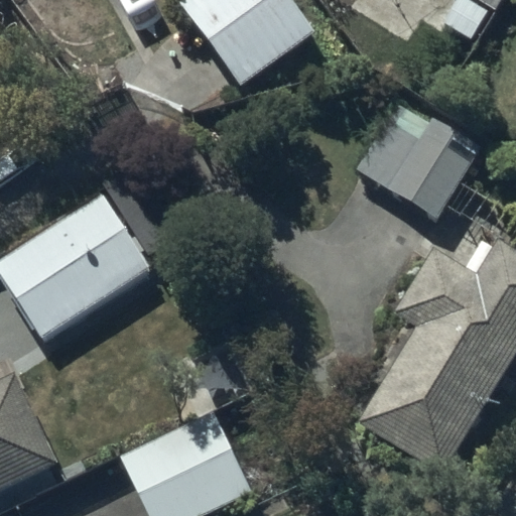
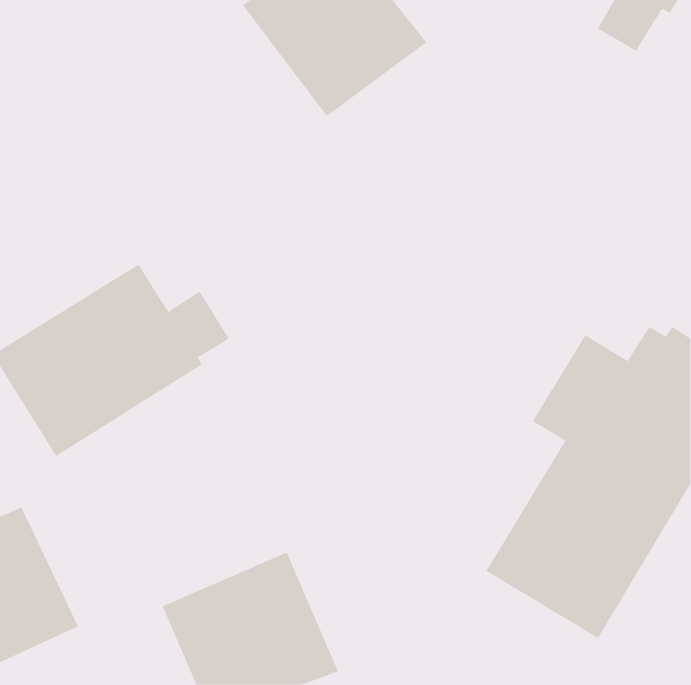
building: [354,97,481,219] -> none

